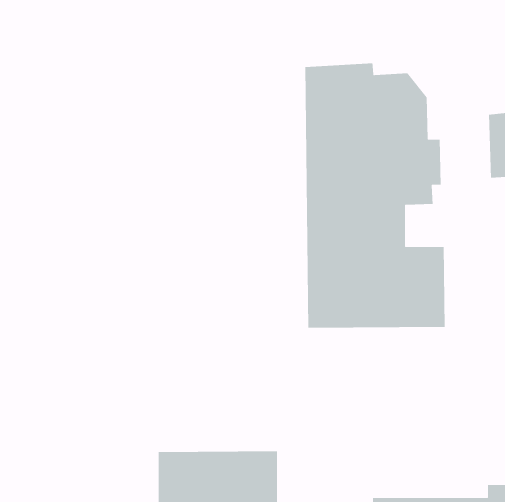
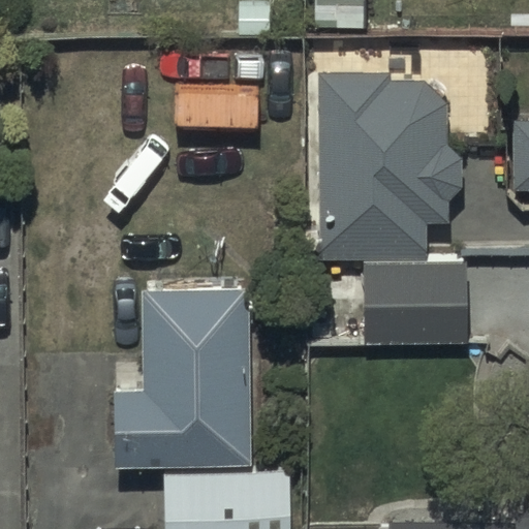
building: none -> [113,291,248,464]

